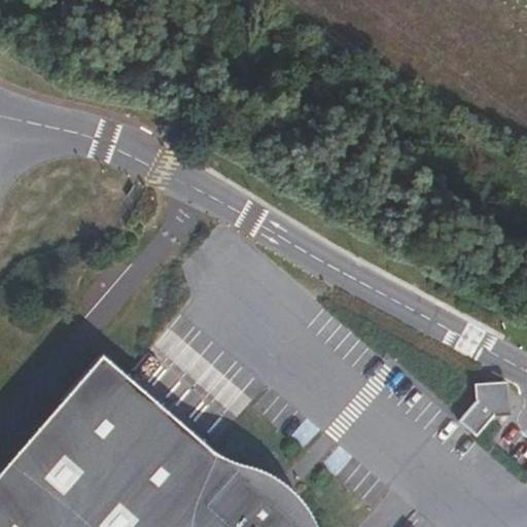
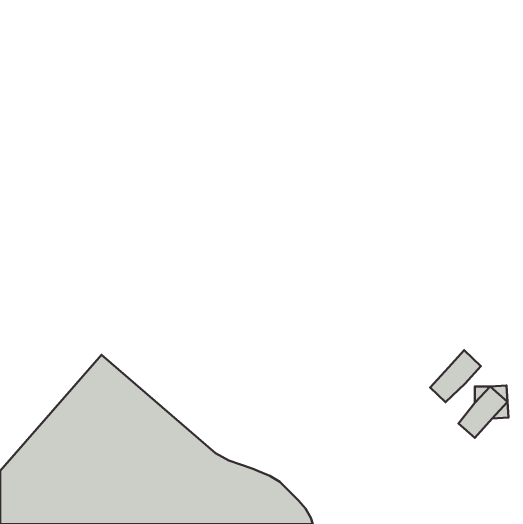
building: none -> [430,350,481,402]

